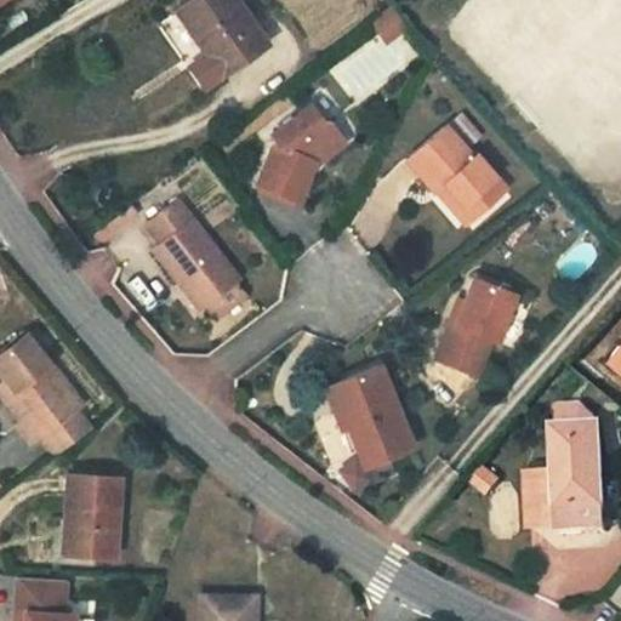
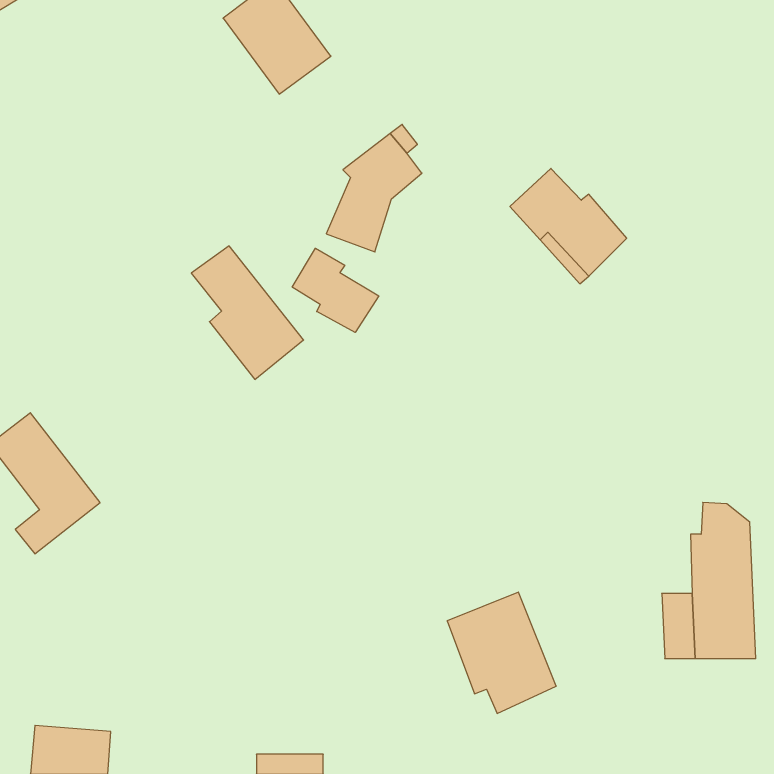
building: none -> [292,248,379,332]
building: [433,285,501,377] -> none
building: [318,368,405,465] -> [447,592,556,713]
building: [28,401,98,466] -> none
building: [67,478,116,564] -> none

